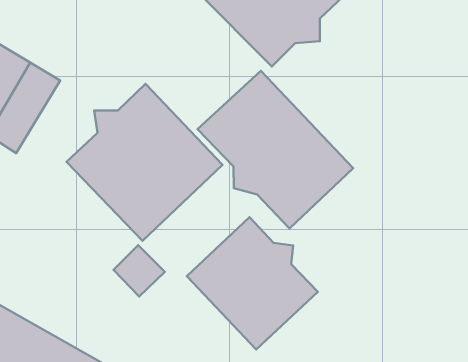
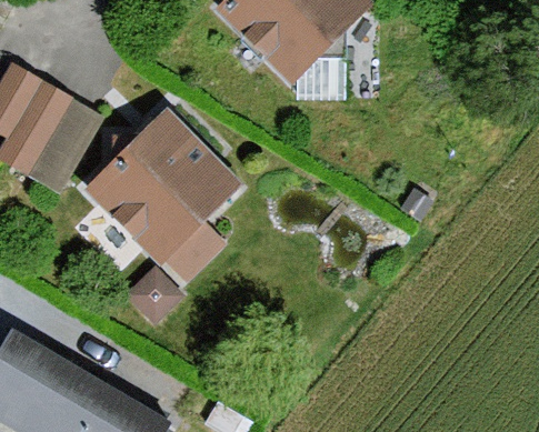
building: [198,71,353,229] -> none
building: [187,217,318,349] -> none

